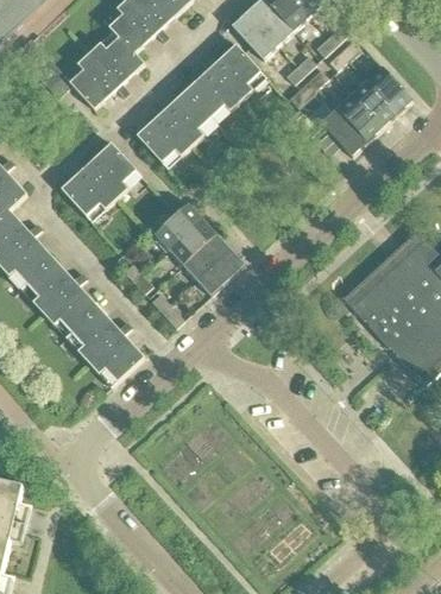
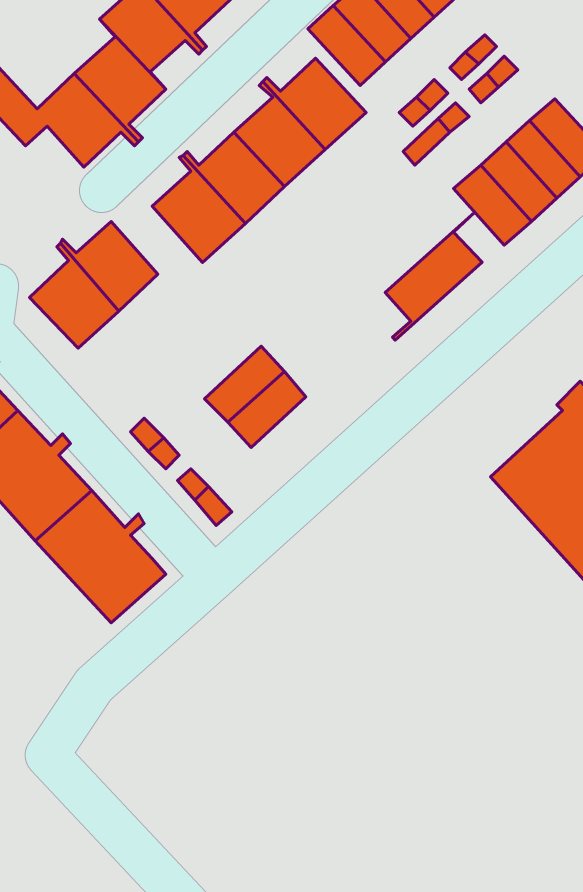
building: none -> [385,212,482,340]
building: [153,203,202,251] -> none
building: [196,249,244,296] -> none

